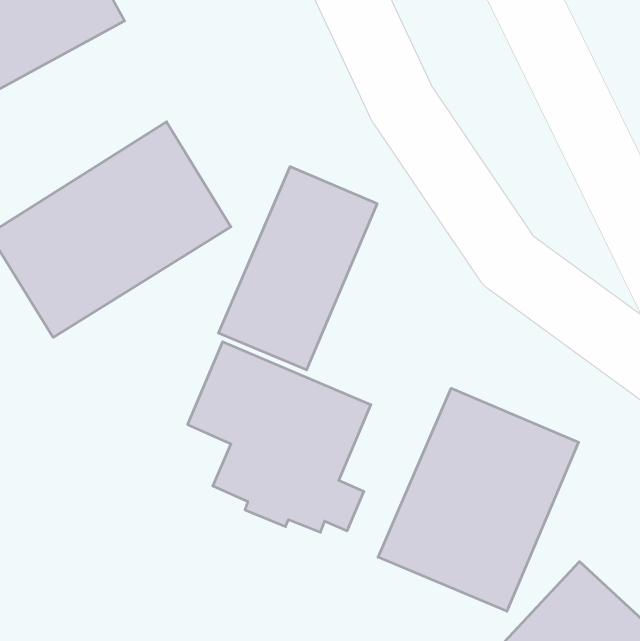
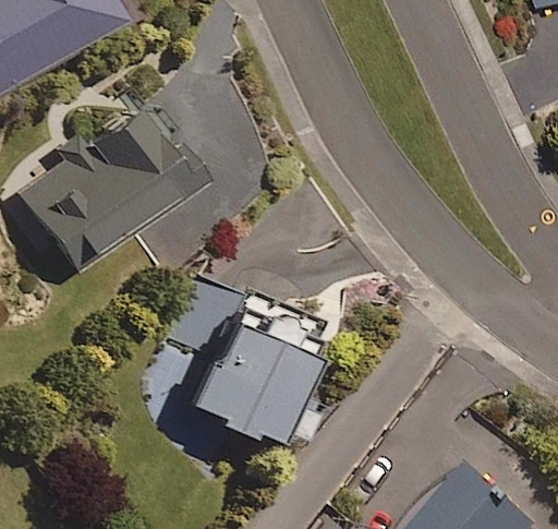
building: [218,167,377,370] -> none
building: [378,388,579,611] -> none

